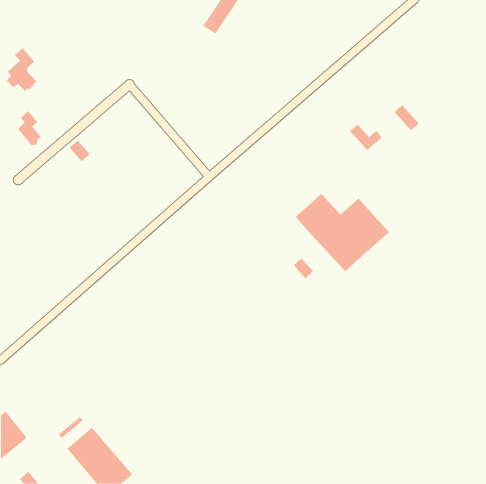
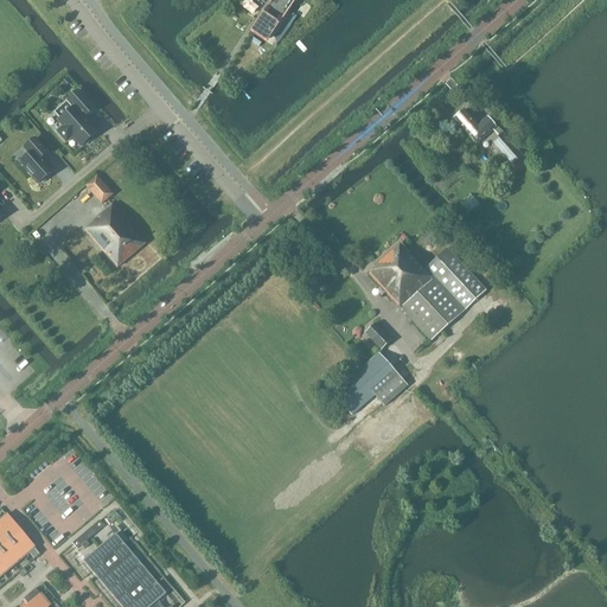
building: [6,47,37,92] -> [57,89,96,145]
building: [349,124,383,151] -> [454,108,496,141]
building: none -> [84,203,146,267]
building: none -> [333,352,407,414]

